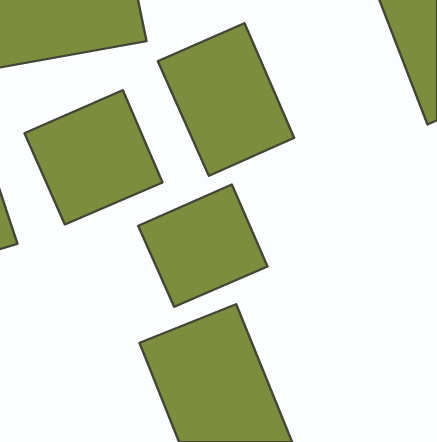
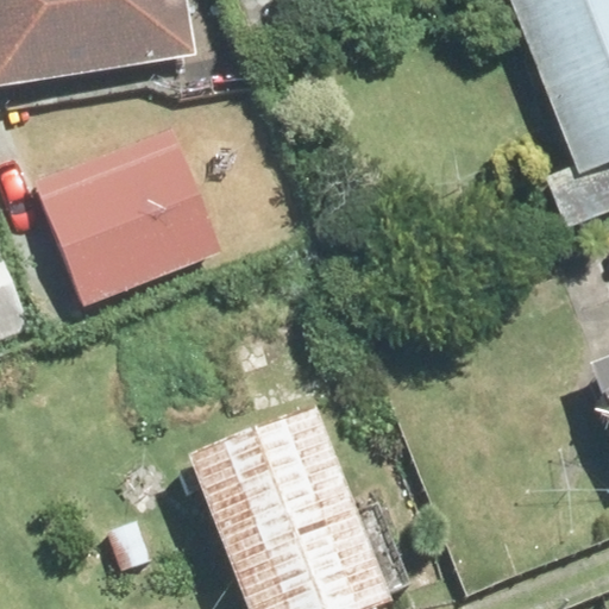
building: [158,23,294,176] -> none
building: [138,184,268,307] -> none

